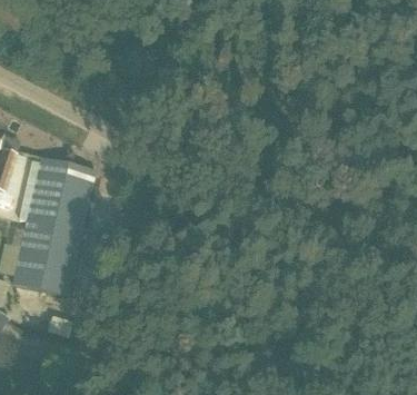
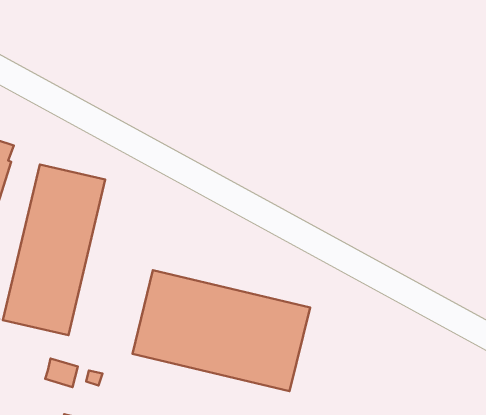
building: none -> [132,270,310,391]

